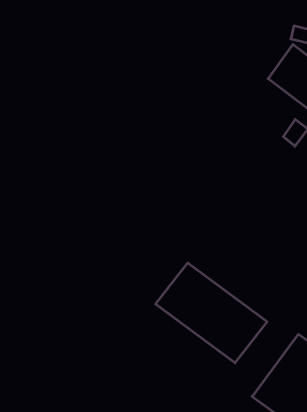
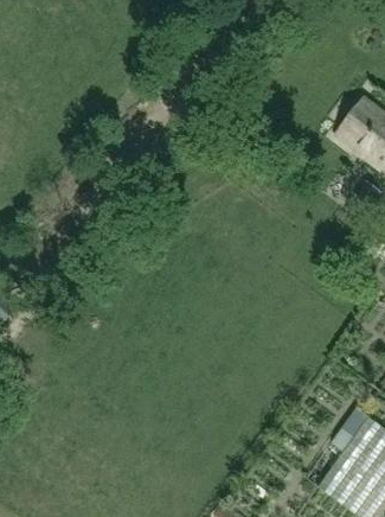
building: [156,263,267,363] -> none

